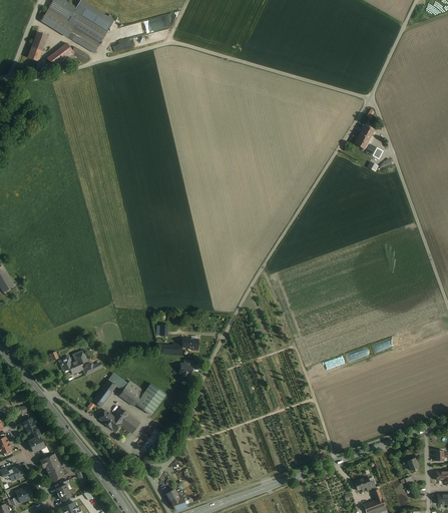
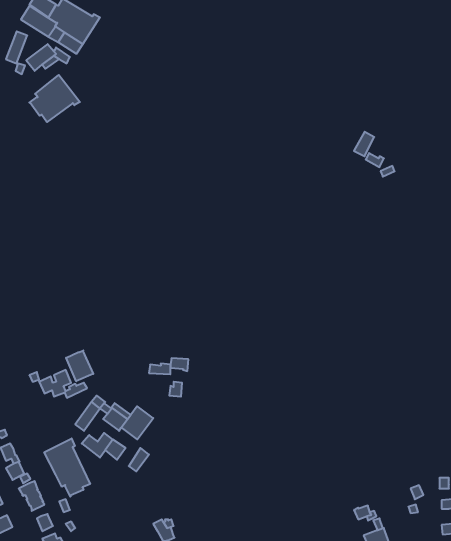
building: none -> [29,75,80,122]
building: none -> [66,350,93,381]
building: none -> [44,438,90,497]

